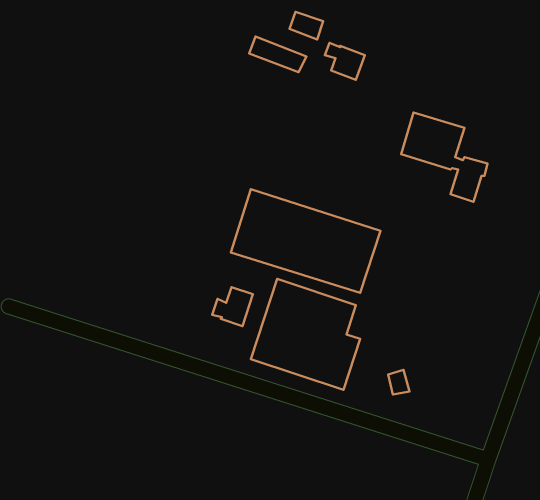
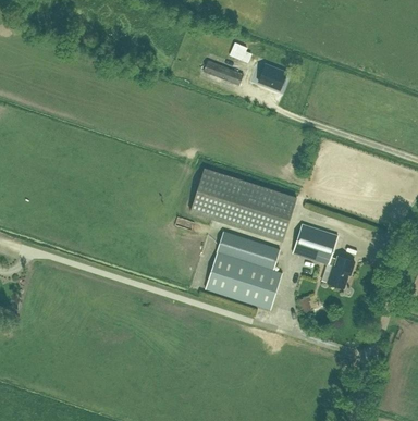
building: [401,112,488,202] -> [292,224,353,287]
building: [212,287,253,326] -> none

